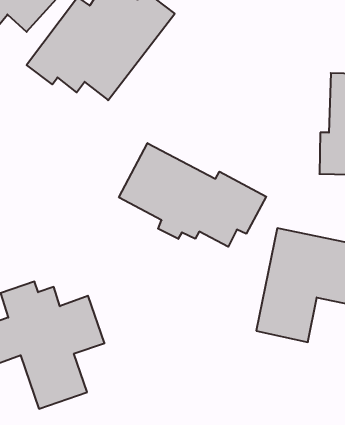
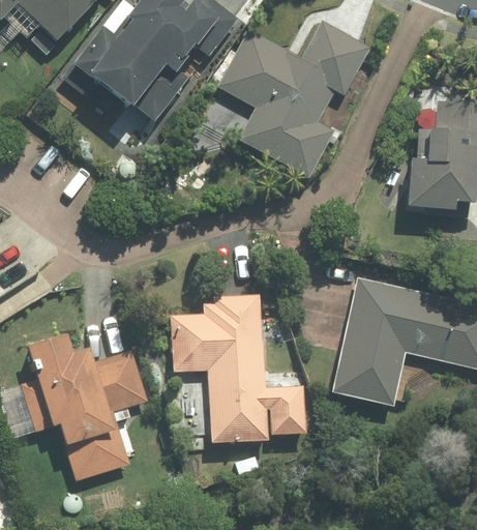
building: none -> [215,21,369,177]
building: [119,143,266,247] -> none
building: none -> [173,296,307,444]

